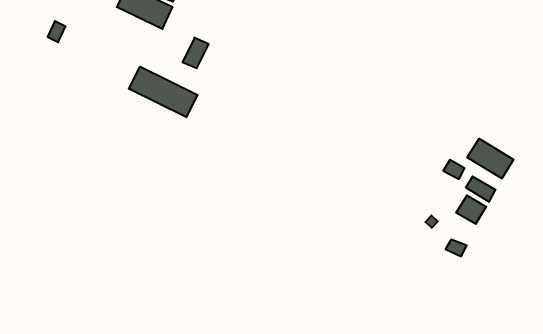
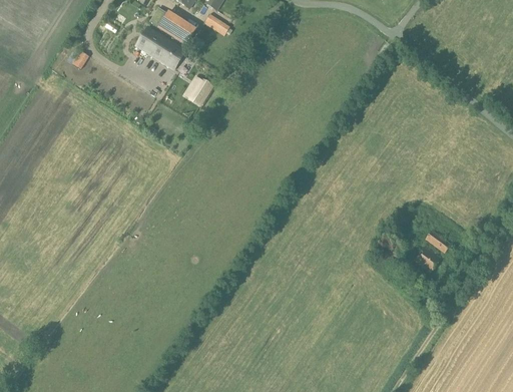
building: [129,67,198,117] -> none
building: [467,139,514,179] -> none

